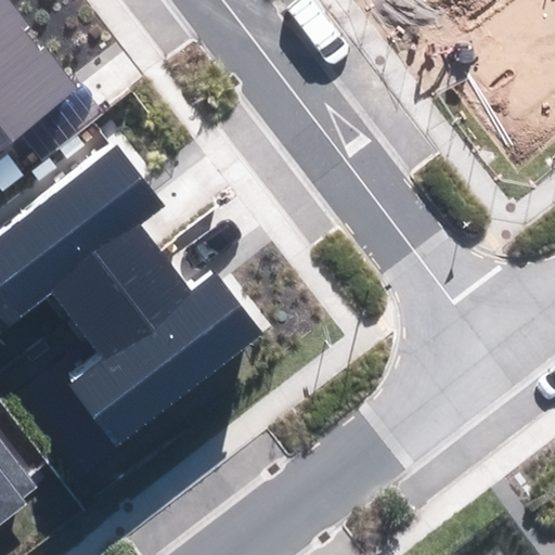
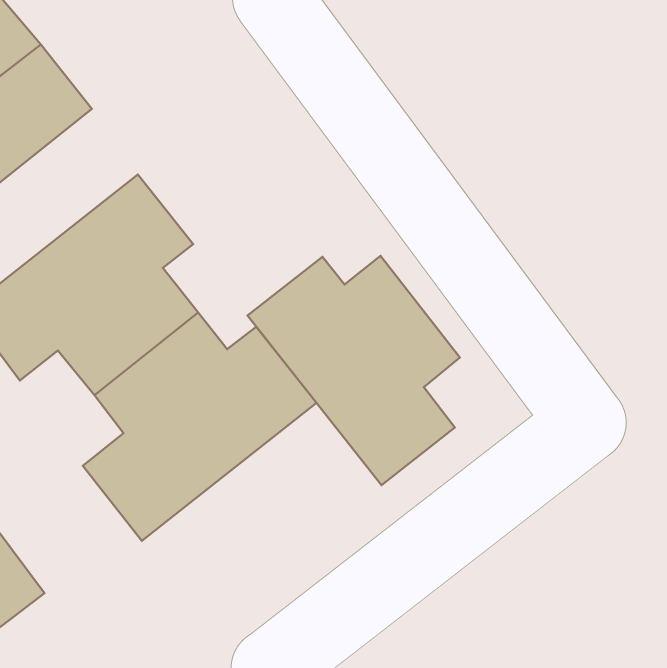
building: none -> [248,256,460,485]

